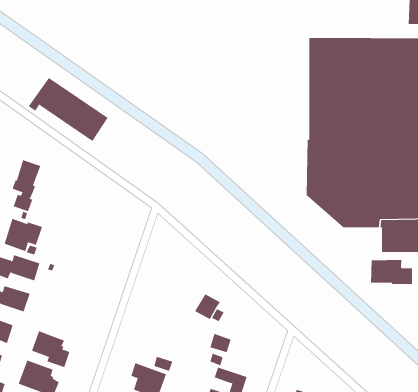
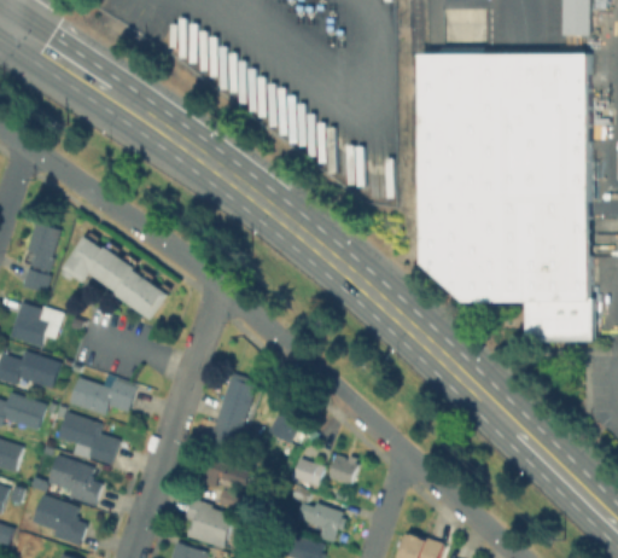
building: [28,77,109,142] -> [64,237,174,325]
building: [371,259,412,285] -> none
building: none -> [206,372,257,457]
building: none -> [69,373,136,414]
building: none -> [58,411,119,464]
building: none -> [328,454,358,484]
building: none -> [199,458,251,489]

